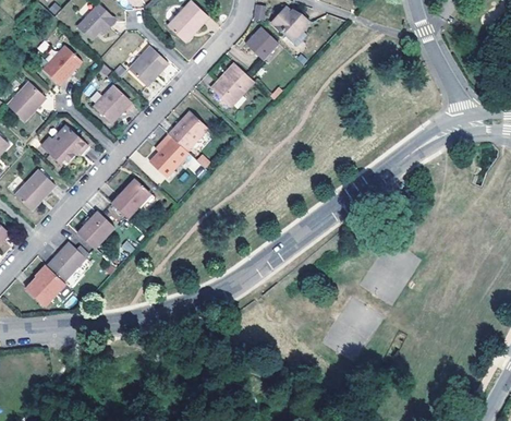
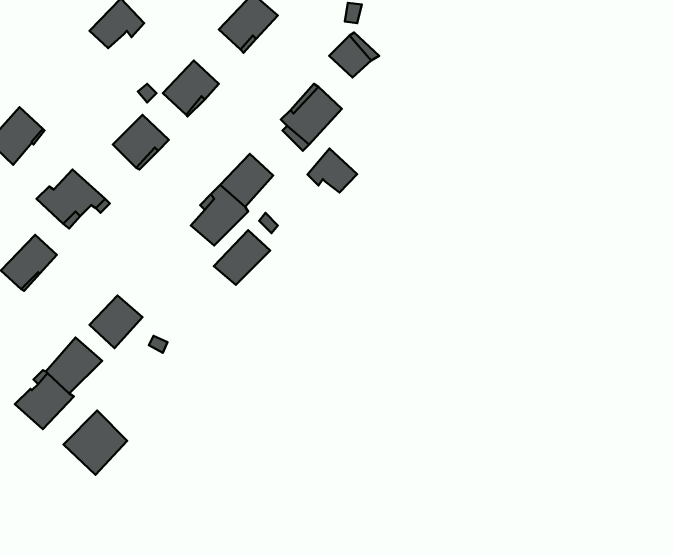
building: [273,10,314,43] -> none
building: [44,44,83,84] -> none
building: none -> [307,148,357,192]
building: [112,179,151,217] -> [214,230,270,285]
building: none -> [63,411,127,475]

